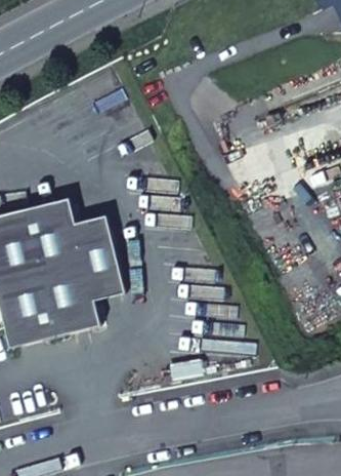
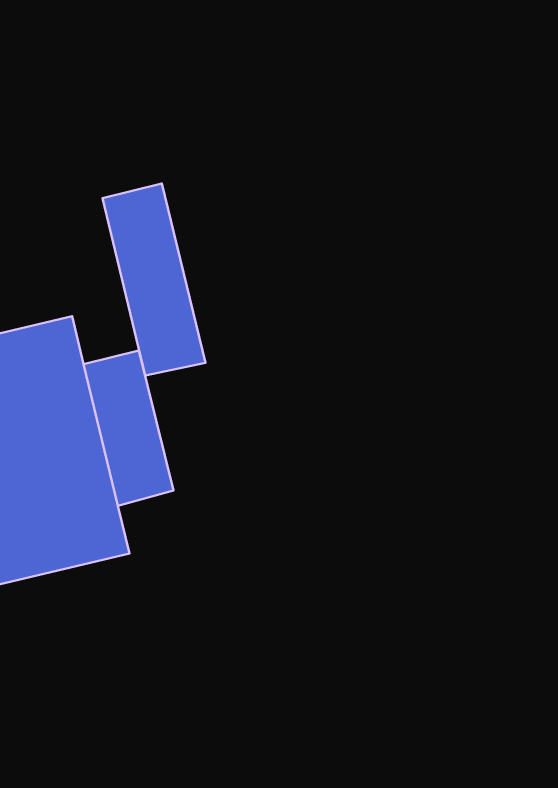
building: none -> [102,183,206,375]

